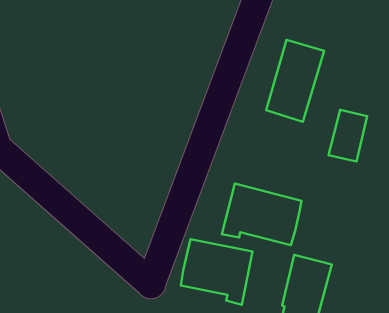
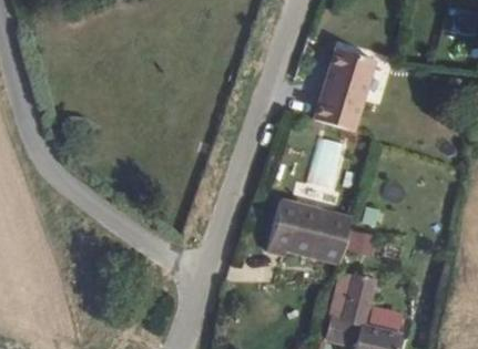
building: [328,110,367,162] -> [306,140,346,193]
building: [181,239,252,305] -> none

